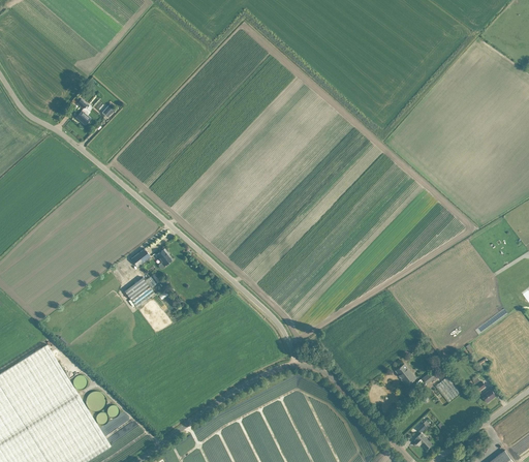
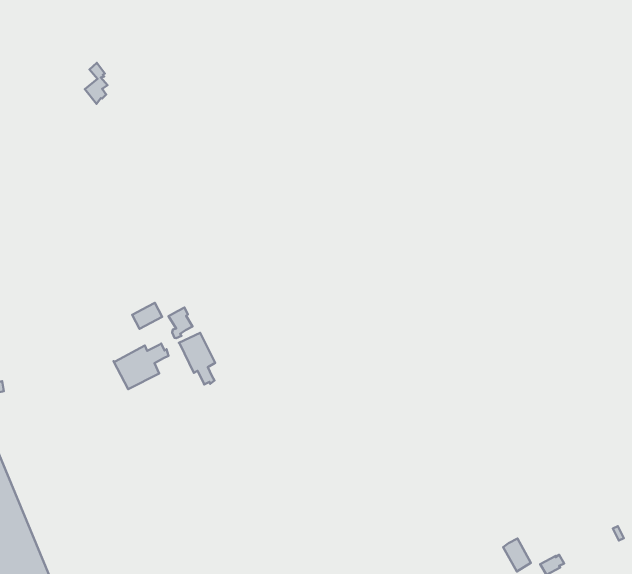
building: none -> [179,333,215,385]

